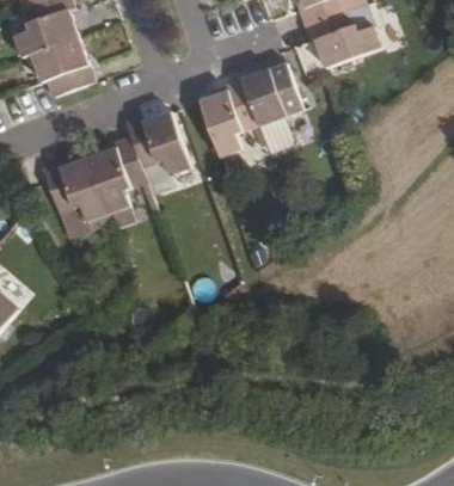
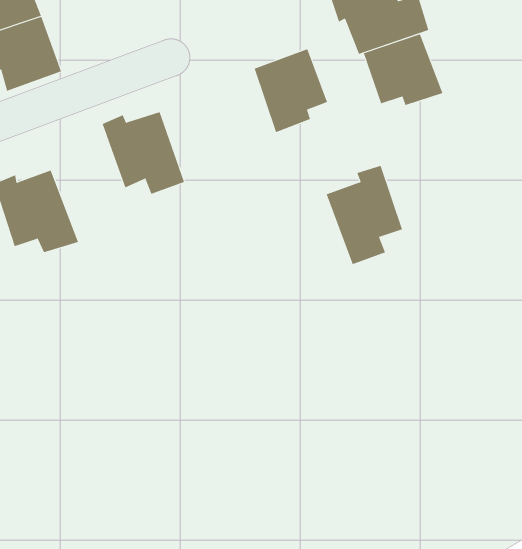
building: none -> [363,33,443,106]
building: [200,78,259,155] -> [326,165,403,265]
building: [85,134,147,213] -> none

